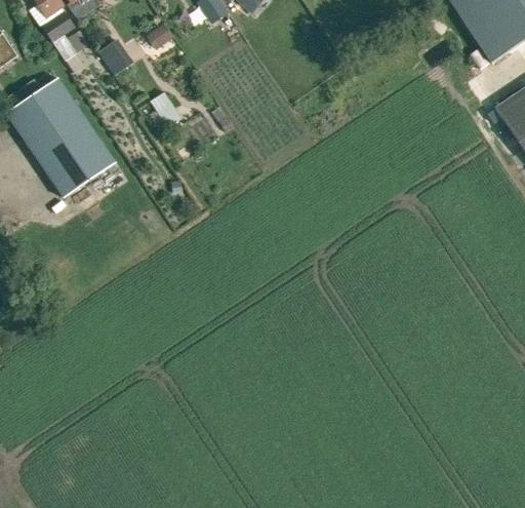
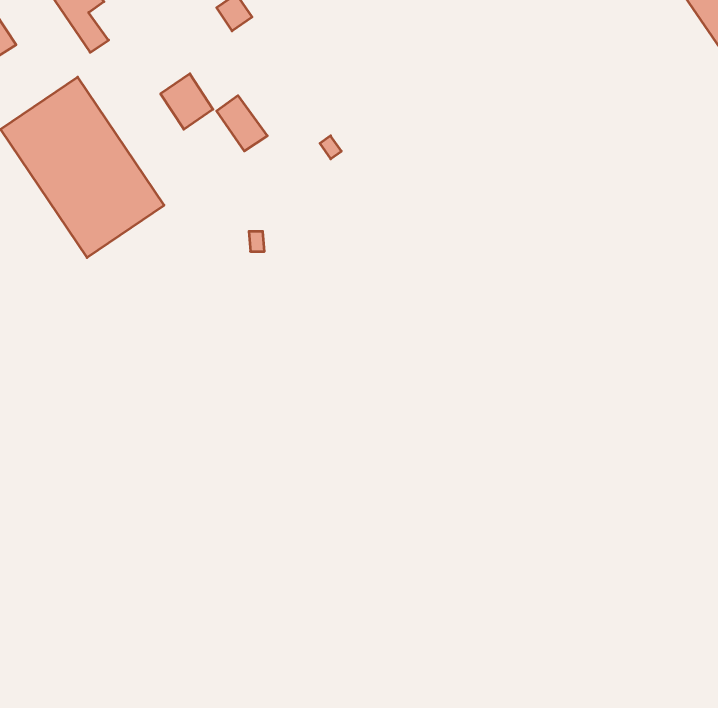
building: [99,38,134,75] -> [161,74,213,129]

